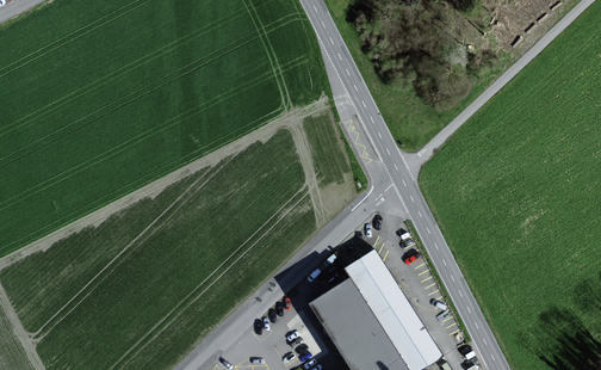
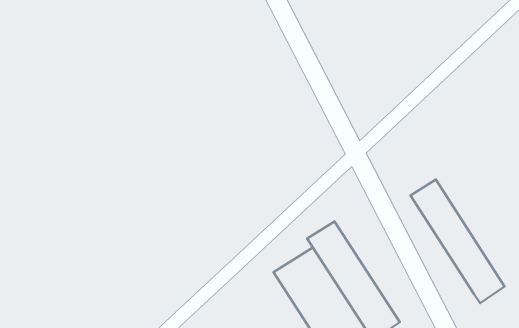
building: none -> [410,179,505,303]

